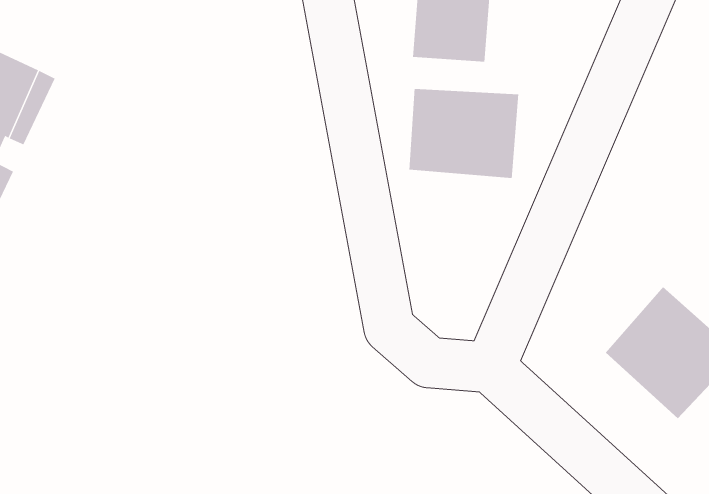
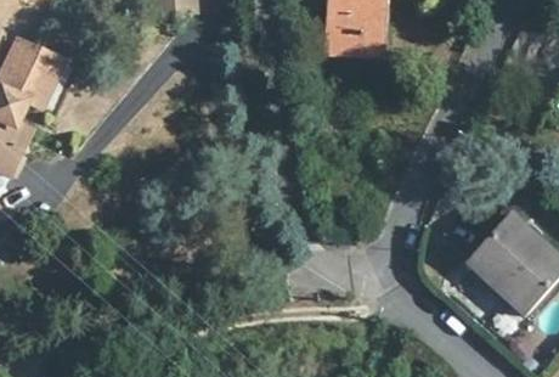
building: [409,88,519,179] -> none

